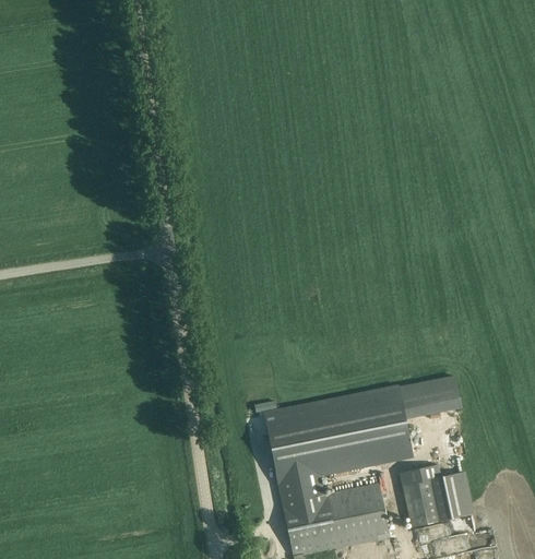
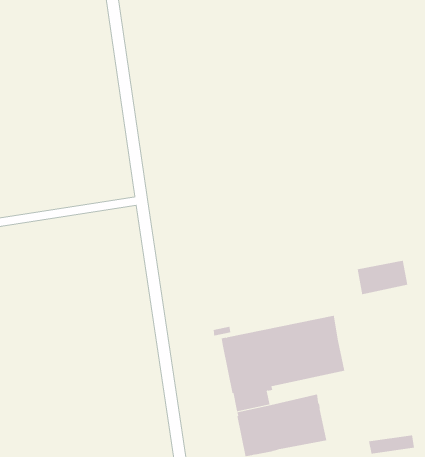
building: [400,376,461,417] -> [357,260,408,295]
building: [400,463,472,525] -> none

